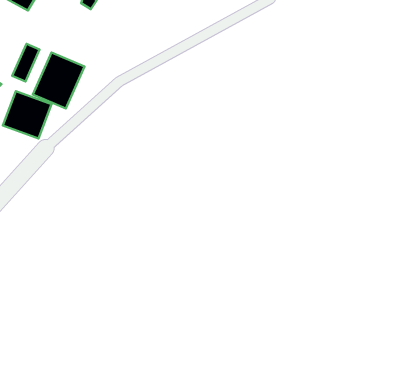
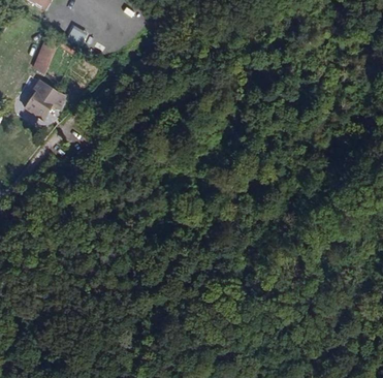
building: [33,52,85,109] -> none

